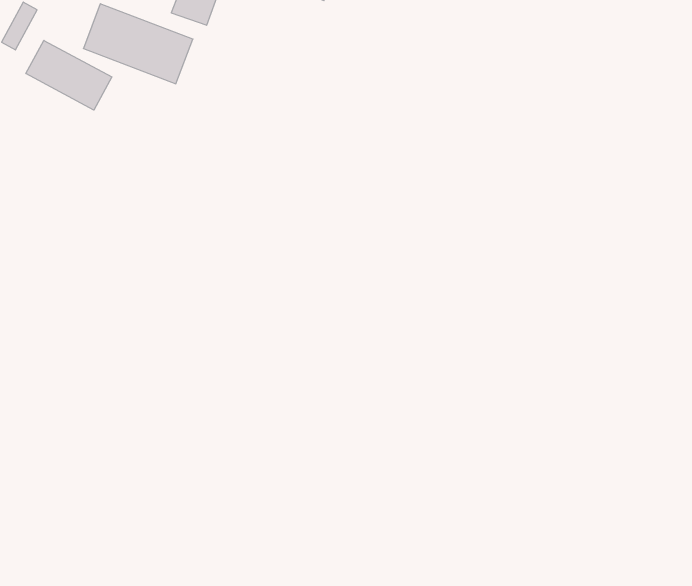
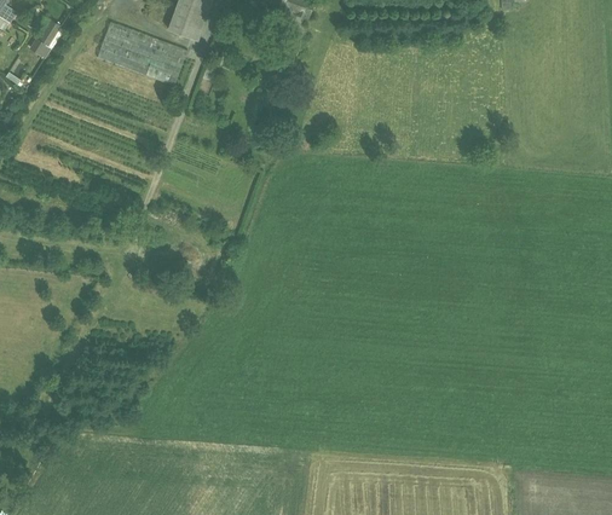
building: [26,40,112,110] -> none

